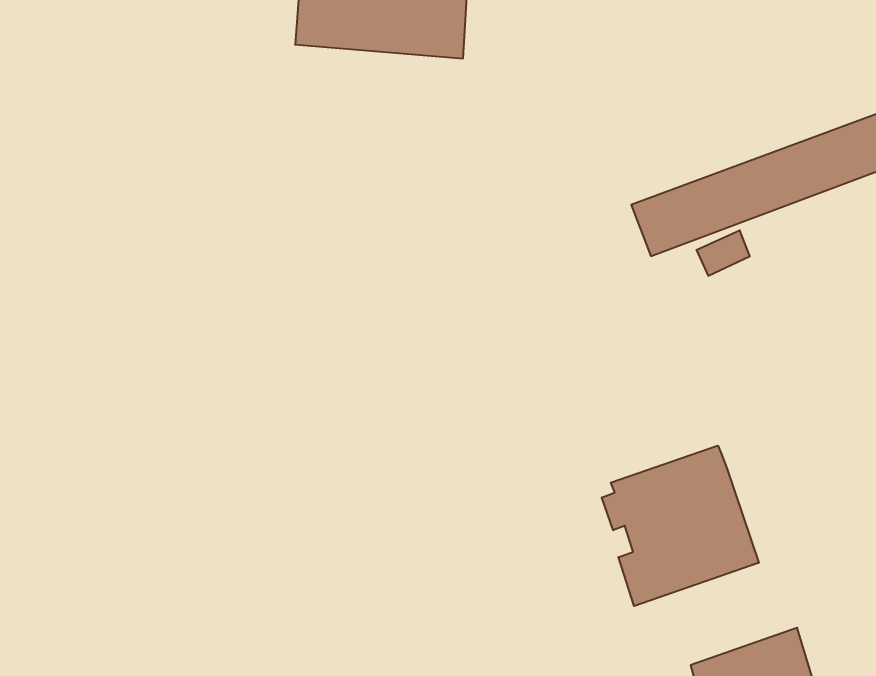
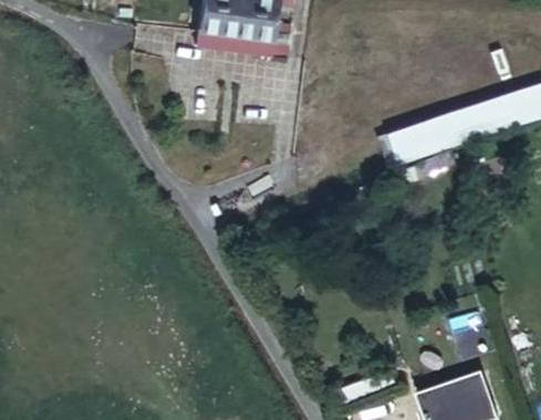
building: [602,446,759,606] -> none

